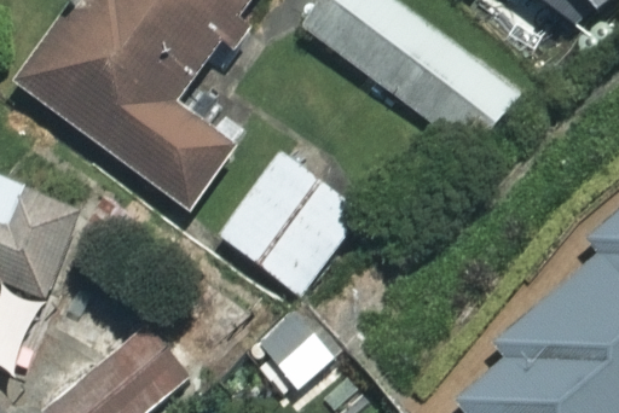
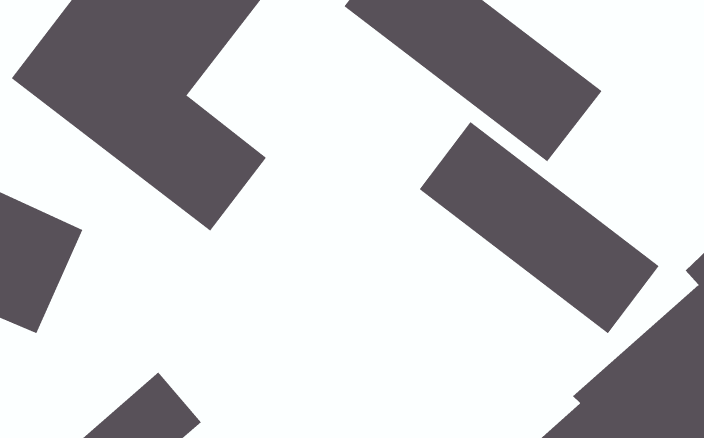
building: none -> [419,121,660,334]
building: [218,151,363,295] -> none

